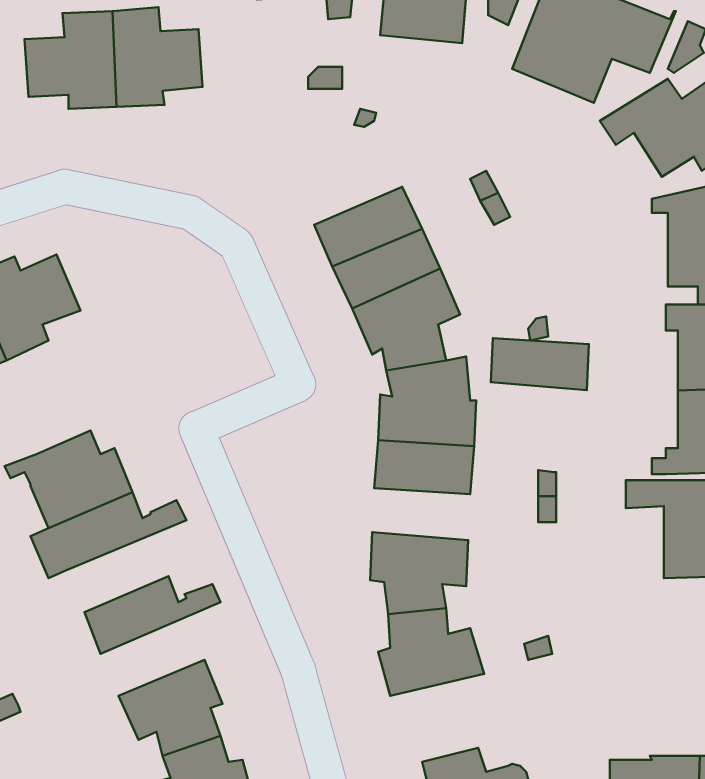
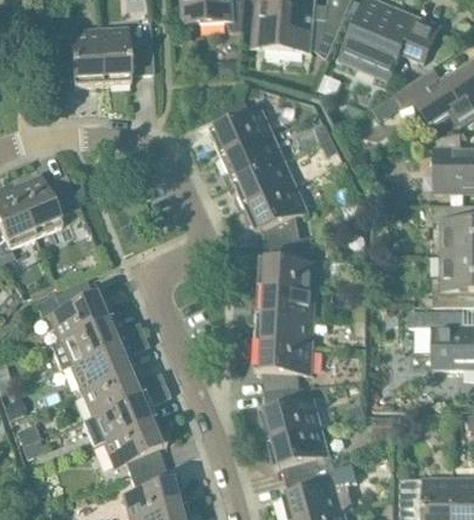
building: none -> [209,100,273,156]
building: [491,338,589,390] -> [255,315,314,347]
building: none -> [71,335,148,390]
building: none -> [81,384,170,445]
building: none -> [266,427,330,480]

